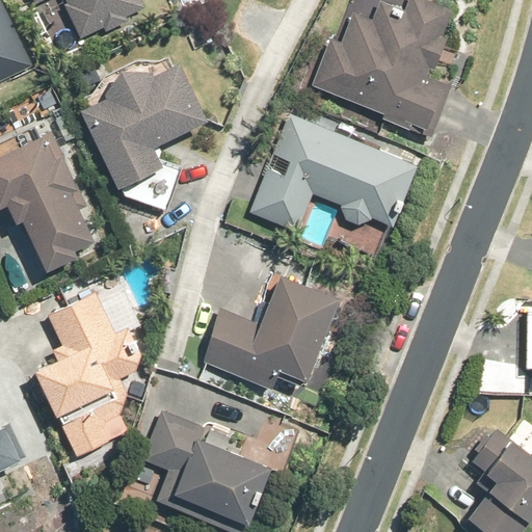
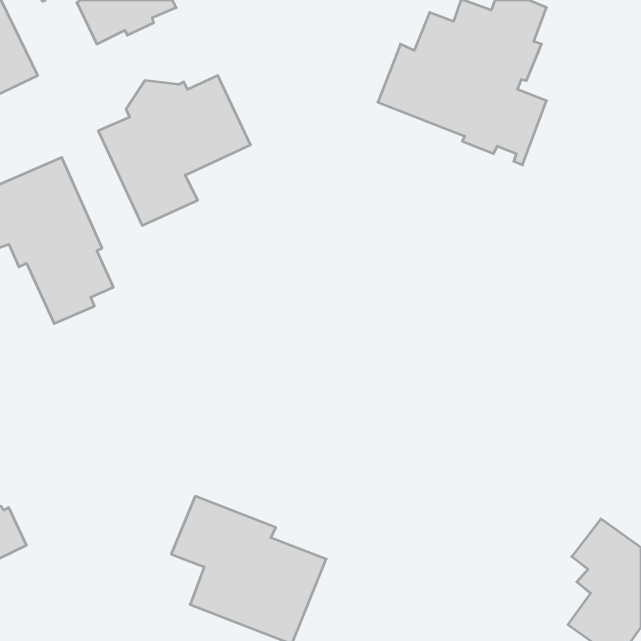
building: [249,114,417,231] -> none
building: [198,274,338,389] -> none
building: [34,293,139,458] -> none

